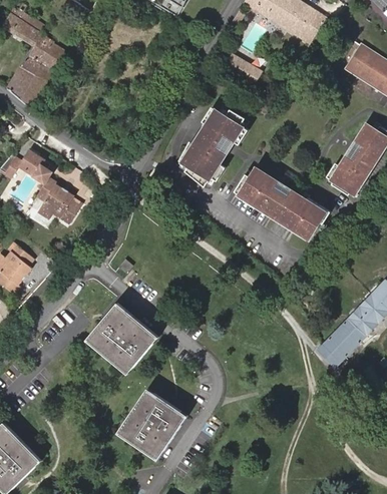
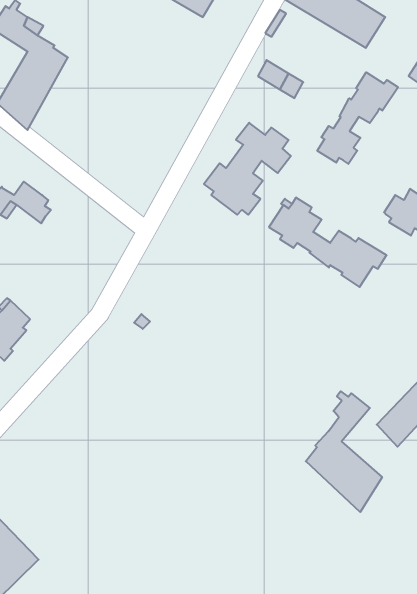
building: none -> [317,72,398,164]
building: [35,179,81,225] -> none
building: [88,304,157,373] -> none
building: none -> [306,391,382,512]
building: [119,390,186,458] -> none

